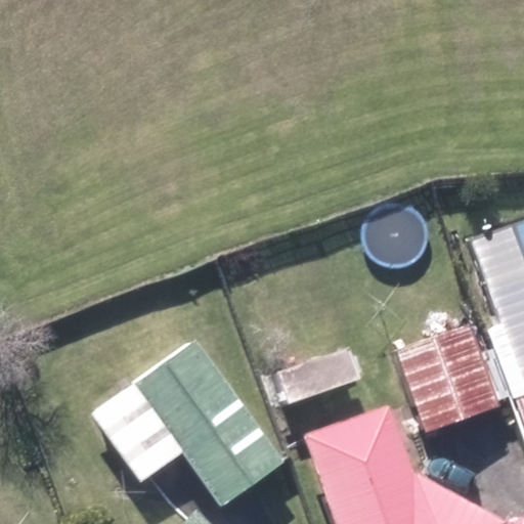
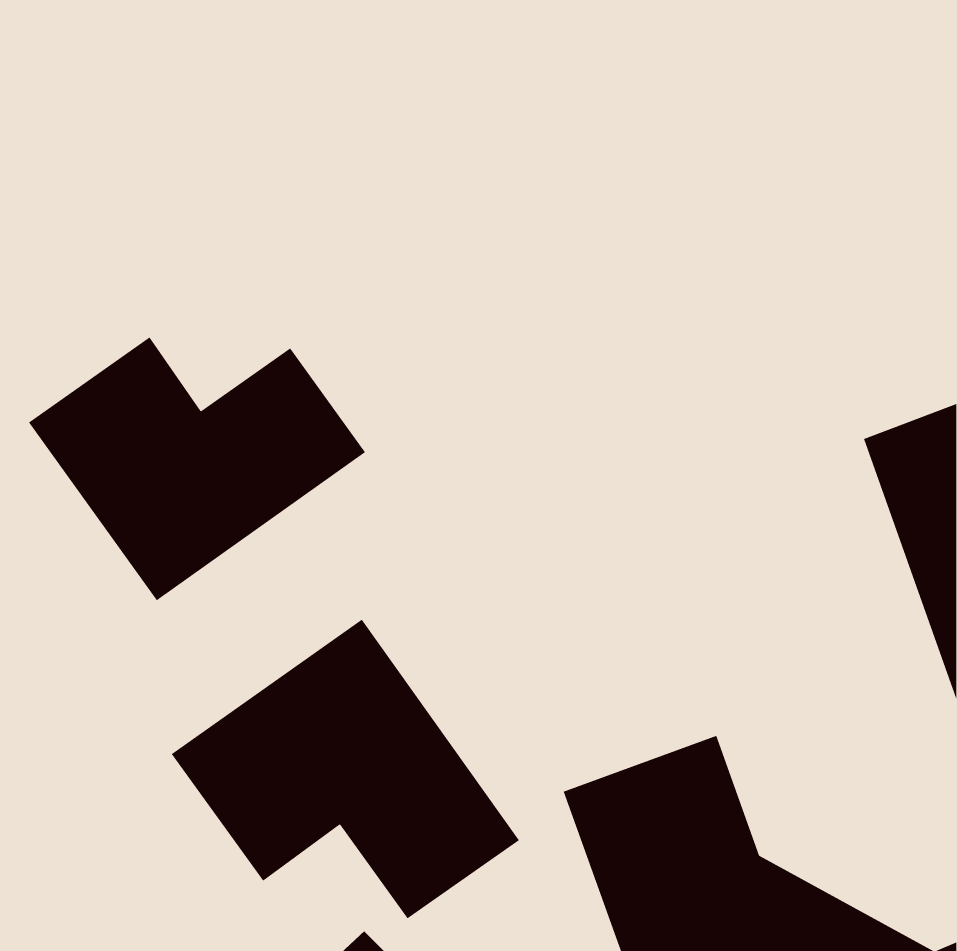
building: none -> [28,337,366,601]
building: [399,326,498,433] -> none

